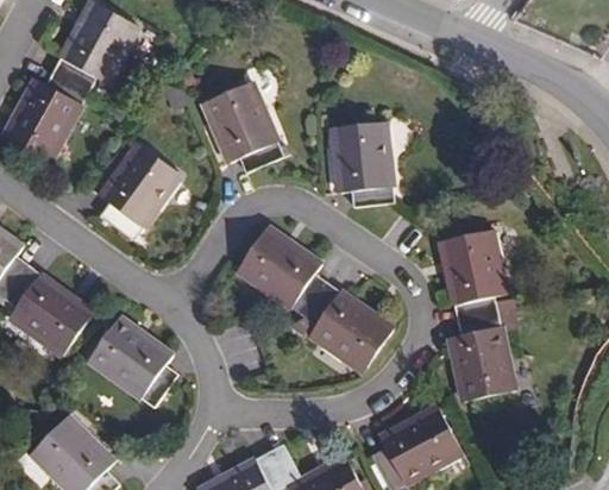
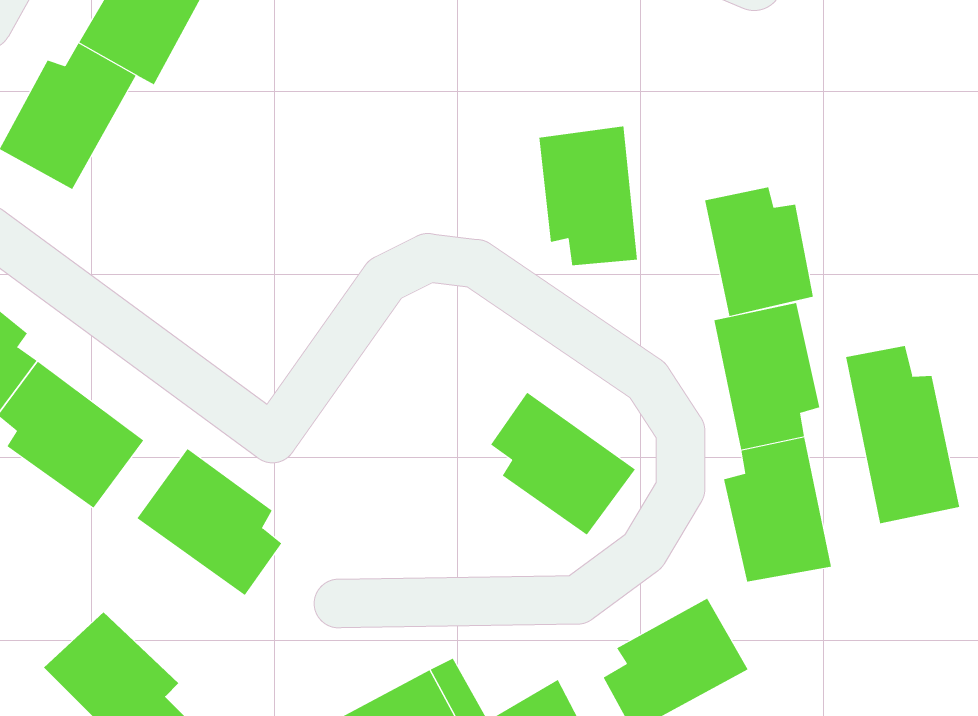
building: [203,81,283,171] -> none
building: [100,143,180,240] -> none
building: none -> [705,187,813,317]
building: [238,227,326,315] -> none
building: none -> [846,345,960,524]

